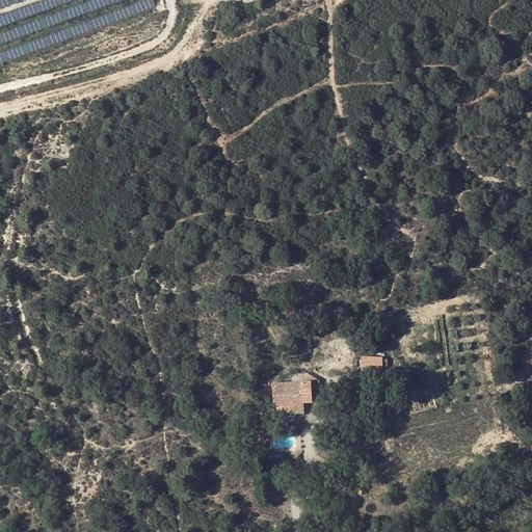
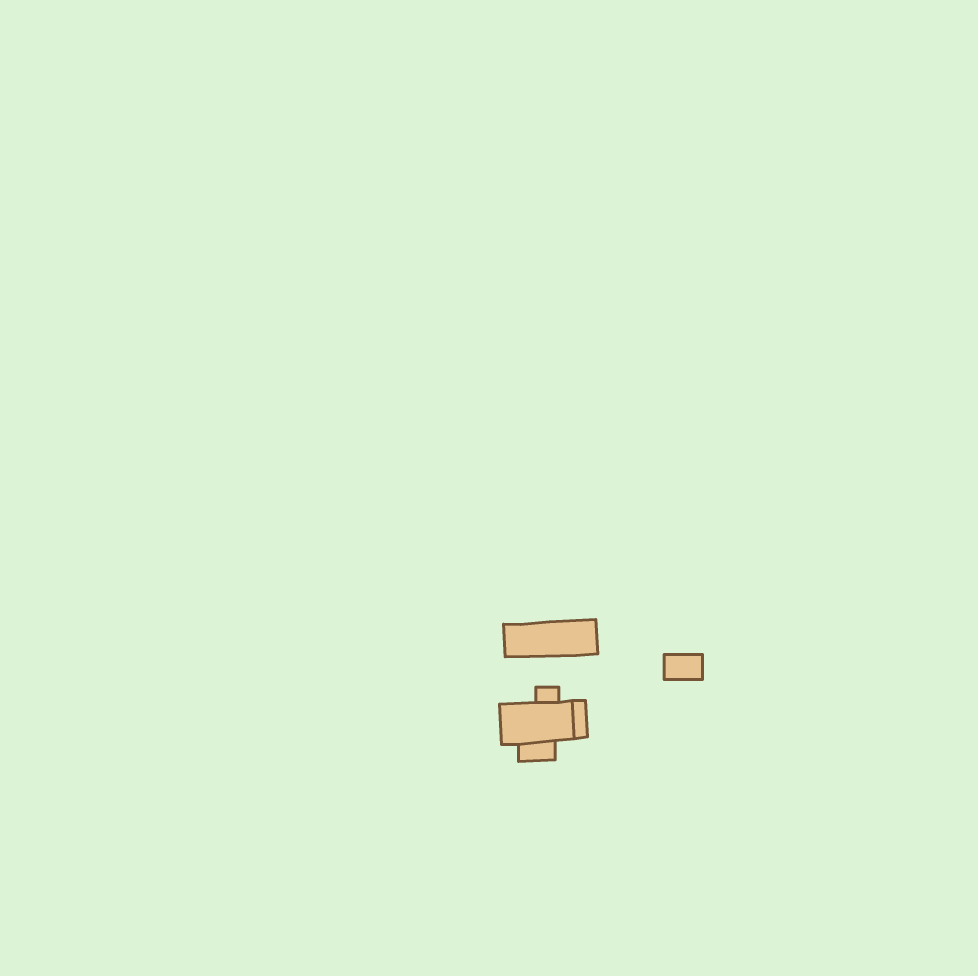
building: none -> [503,619,598,657]

